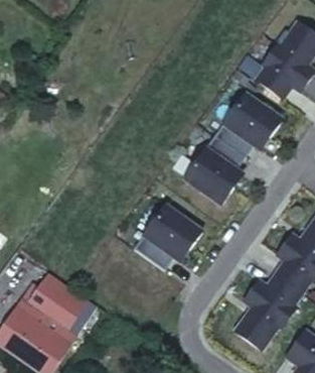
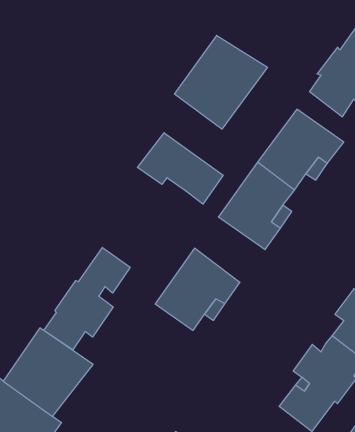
building: none -> [175,35,268,129]
building: none -> [137,133,223,204]
building: none -> [44,247,130,350]

